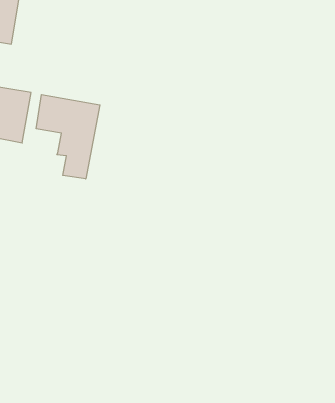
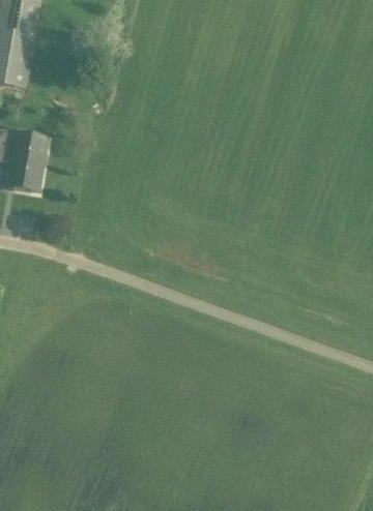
building: [36,95,100,179] -> none

